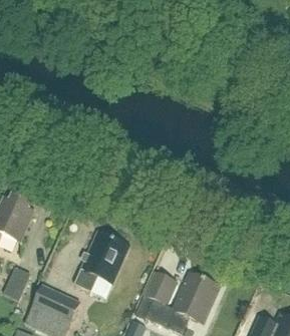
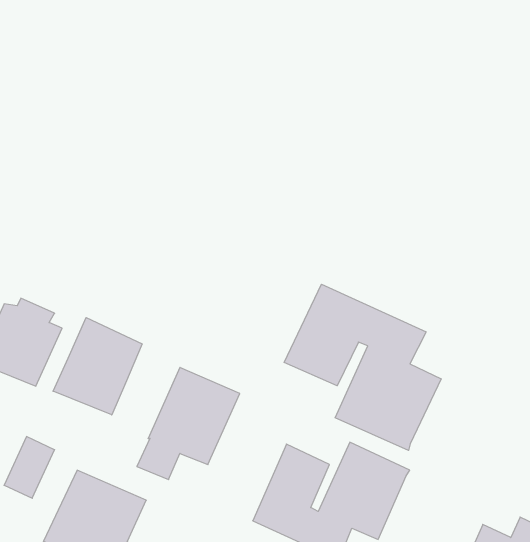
building: none -> [284,284,441,450]
building: none -> [53,318,142,415]

